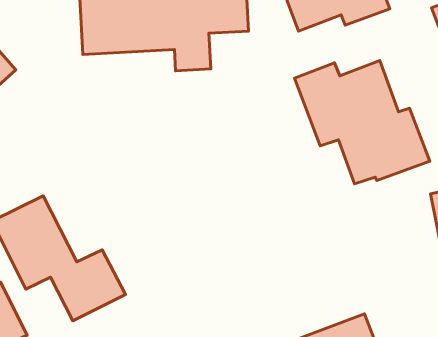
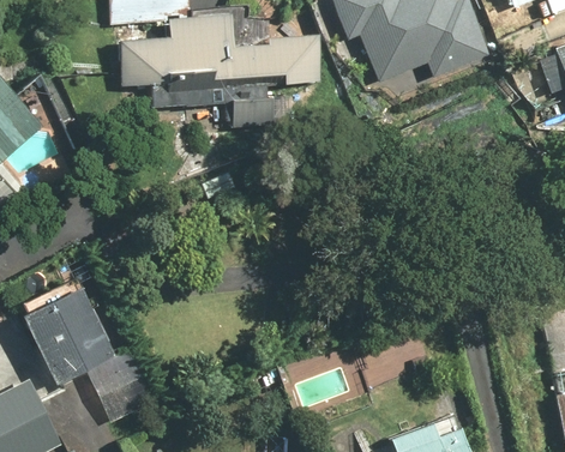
building: [295,61,430,184] -> none

